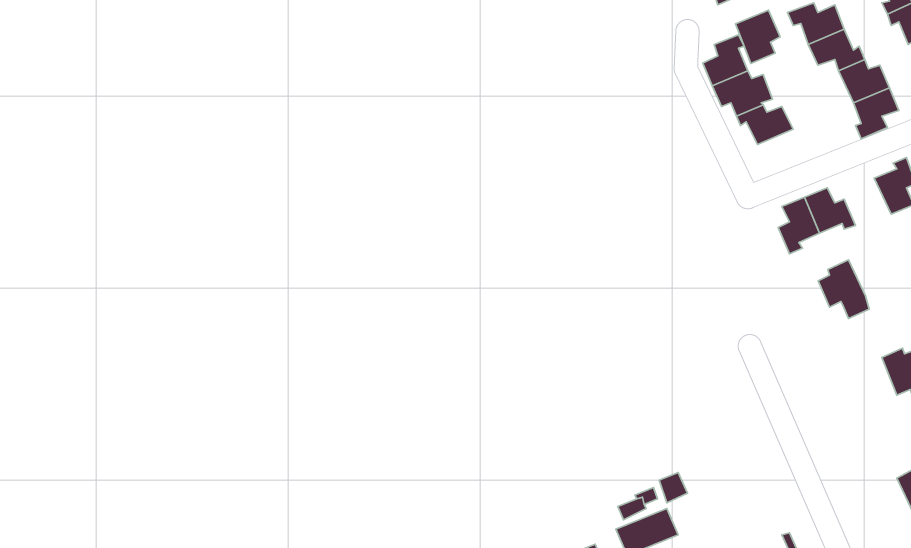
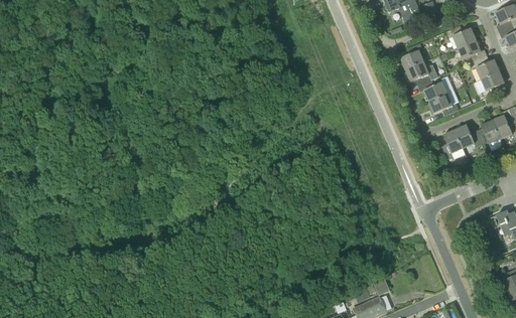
building: [736,10,780,63] -> none
building: none -> [429,93,459,115]
building: [818,260,869,318] -> [476,119,503,150]

